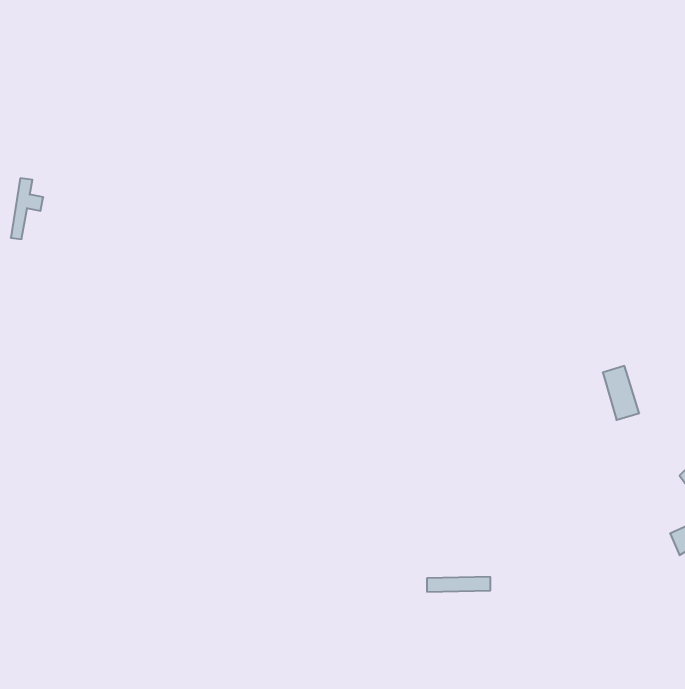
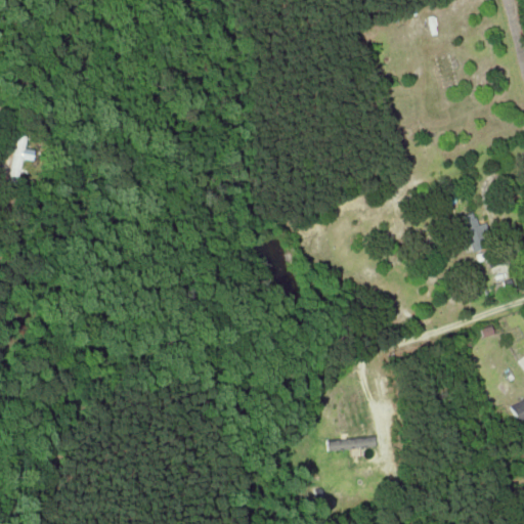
building: [603,366,639,420] -> [461,212,488,253]

